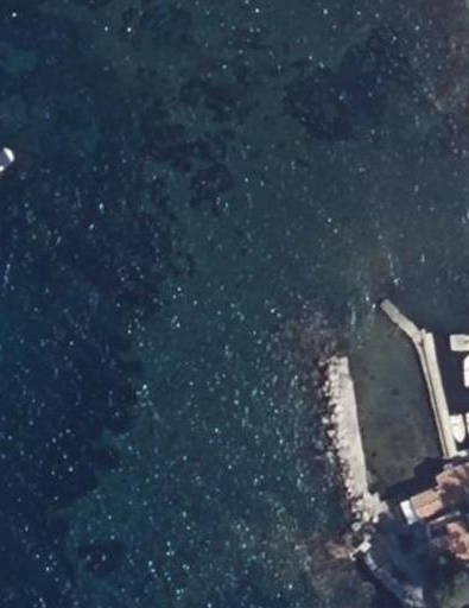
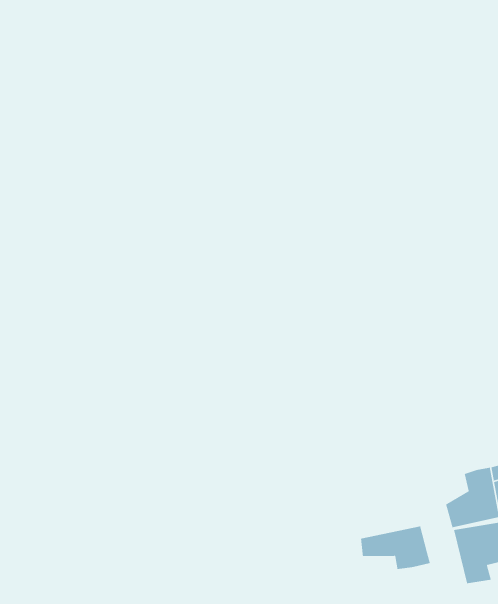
building: none -> [360,526,431,570]

